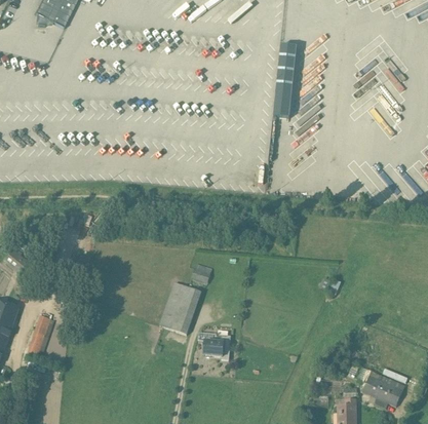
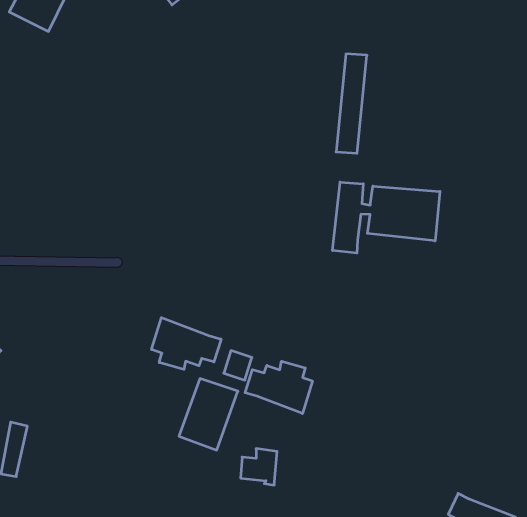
building: none -> [333,182,440,253]
building: none -> [152,318,221,369]
building: none -> [245,361,312,414]

